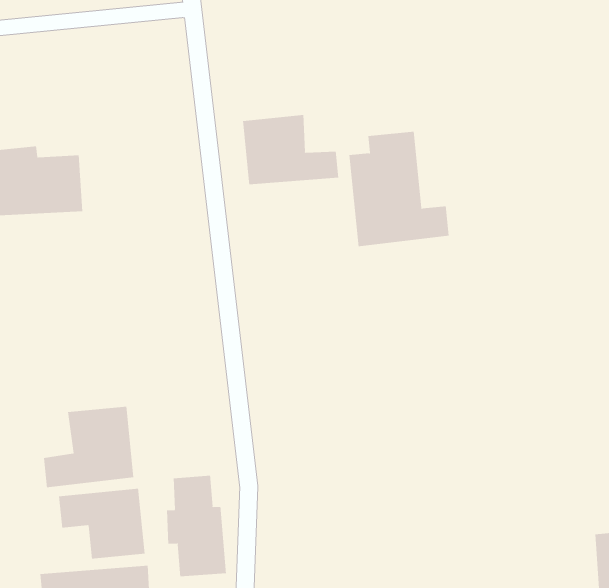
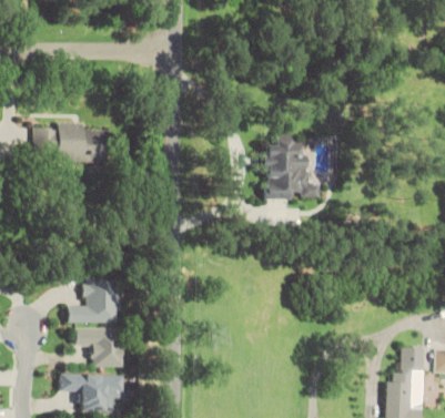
building: [242,114,339,185] -> none
building: [167,475,226,577] -> none

